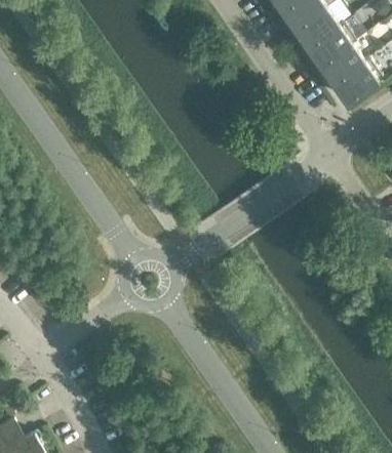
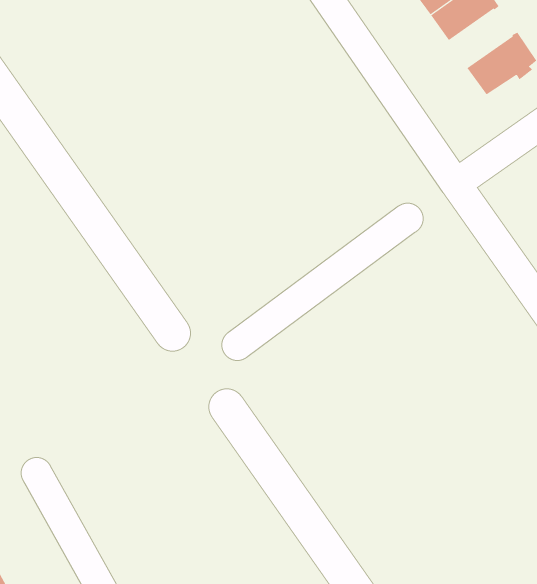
building: [320,45,363,85] -> none

